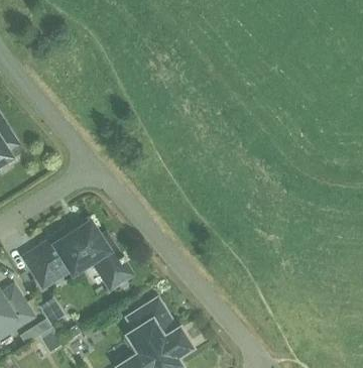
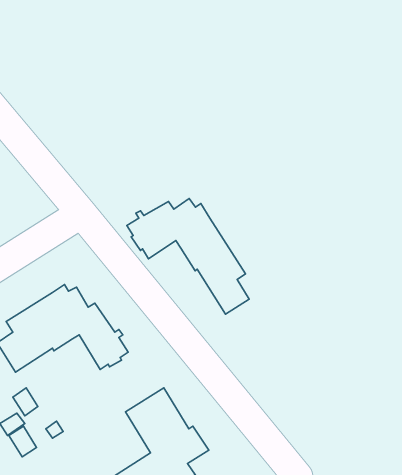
building: none -> [127,198,249,314]

